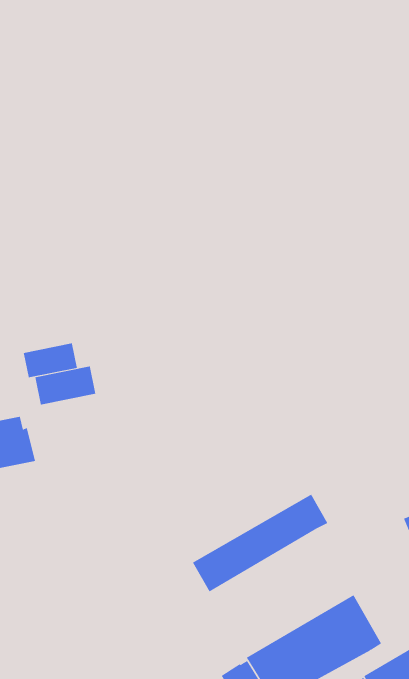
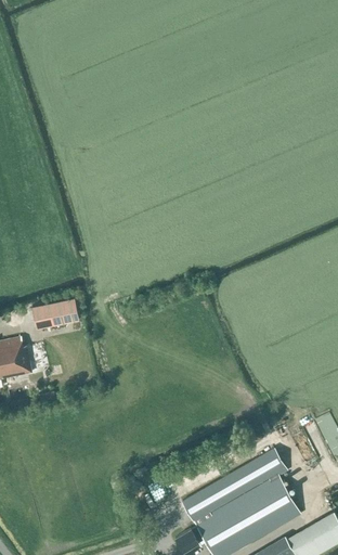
building: [23,343,77,378] -> none
building: [192,494,328,592] -> [182,449,287,525]

